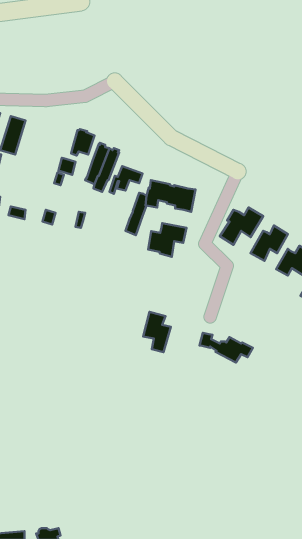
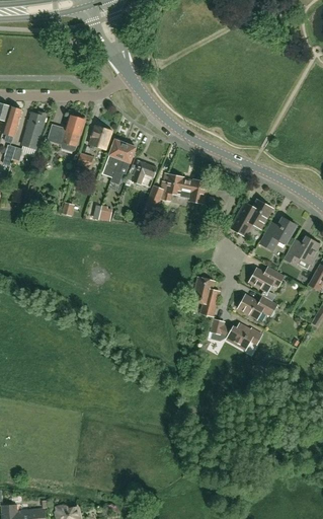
building: none -> [48,115,85,152]
building: [148,223,187,257] -> none
building: none -> [250,267,284,291]
building: none -> [238,294,277,318]
building: [143,312,171,352] -> [193,277,220,315]

